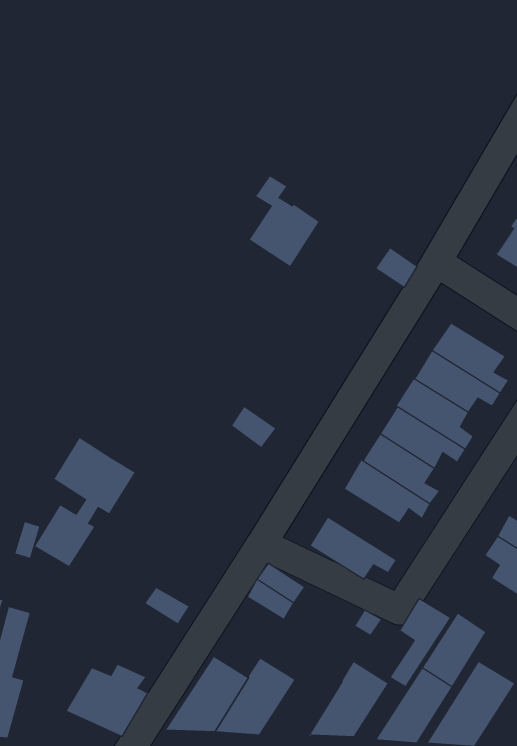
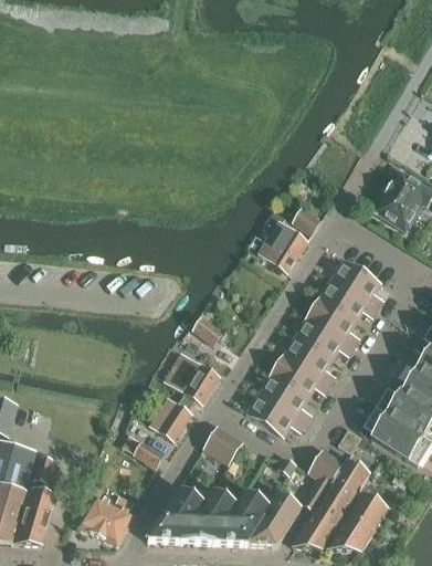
building: [249,175,319,267] -> [260,208,308,271]
building: [34,437,135,567] -> [150,350,220,440]
building: none -> [260,374,313,422]
building: none -> [213,491,270,544]

